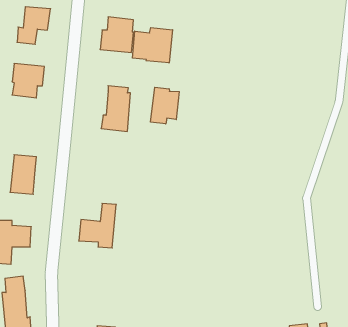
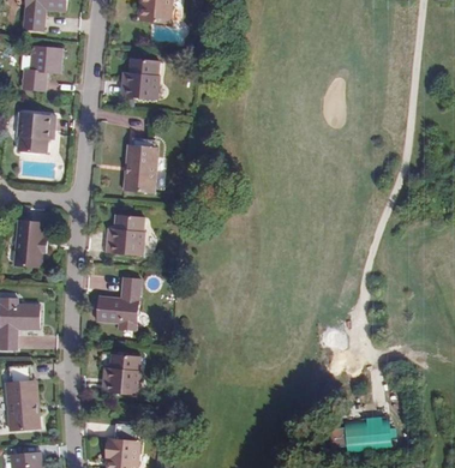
building: [133,28,173,63] -> none
building: [151,87,179,124] -> none
building: none -> [106,215,145,254]
building: none -> [102,352,142,392]

